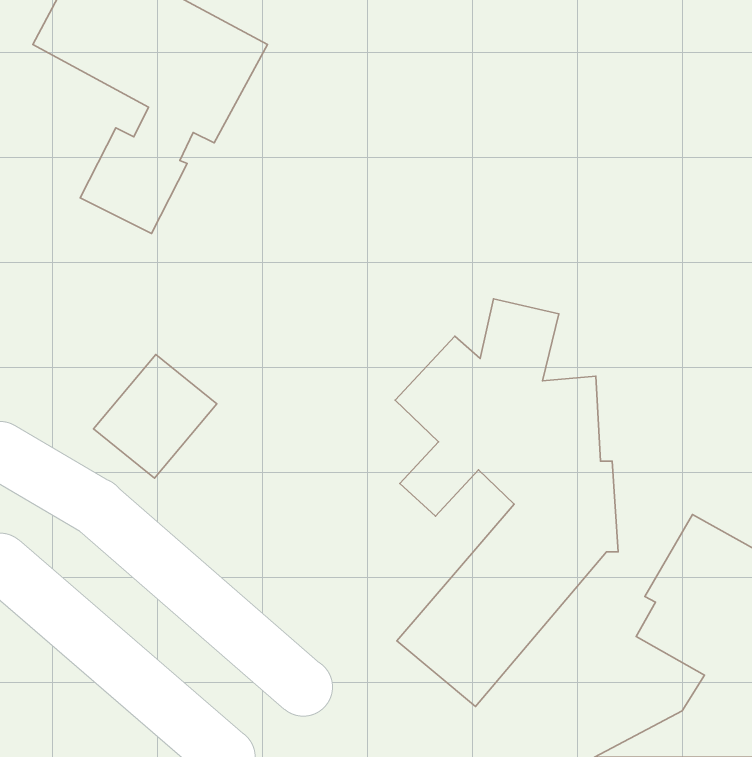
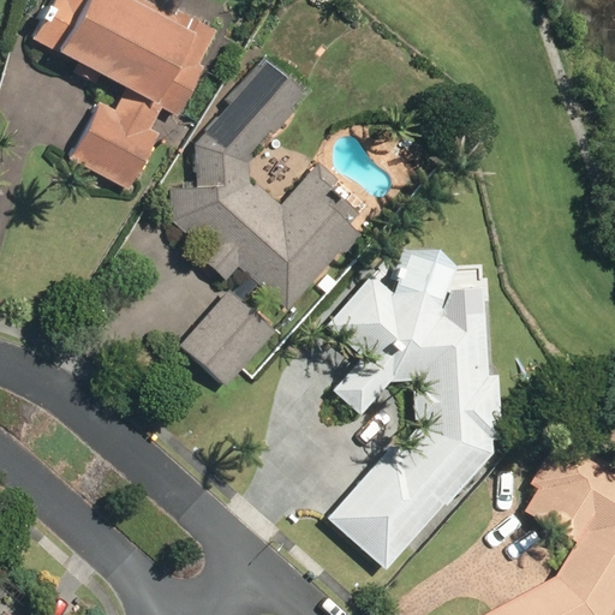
building: none -> [160,53,374,310]
building: [94,355,217,478] -> [179,286,279,386]

